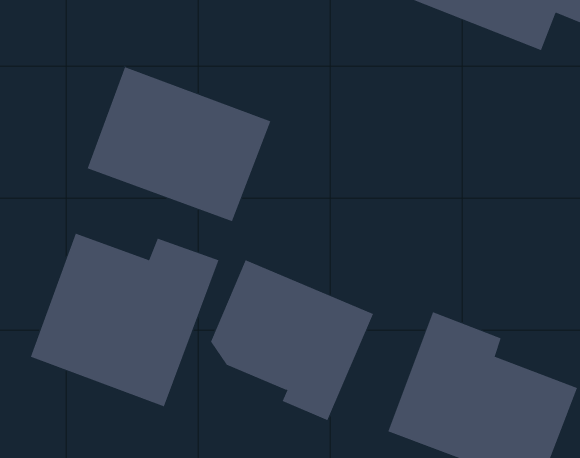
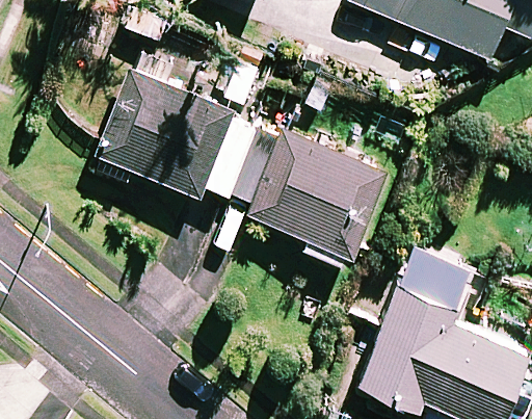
building: [30,233,219,407] -> none
building: [210,259,374,421] -> [244,127,384,265]

